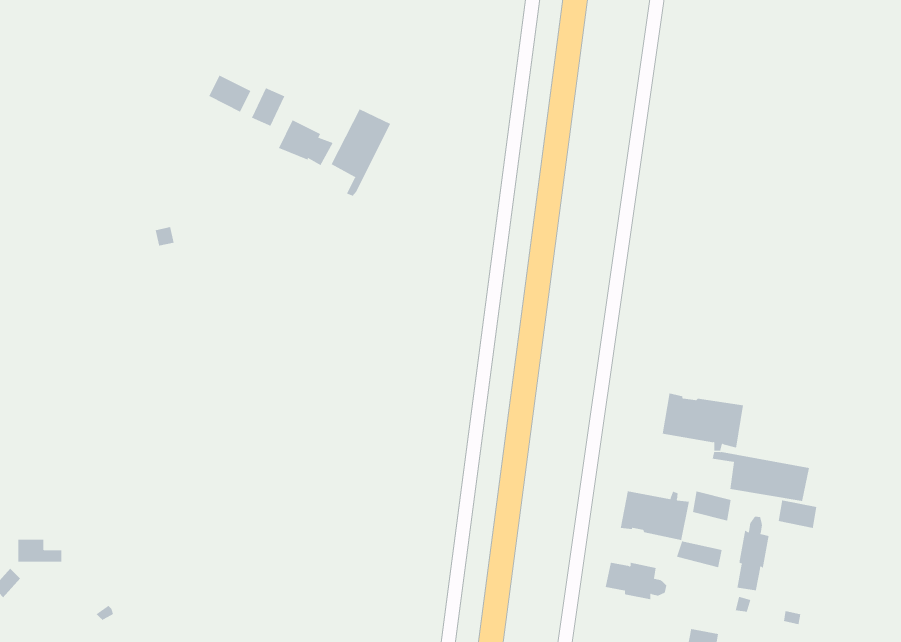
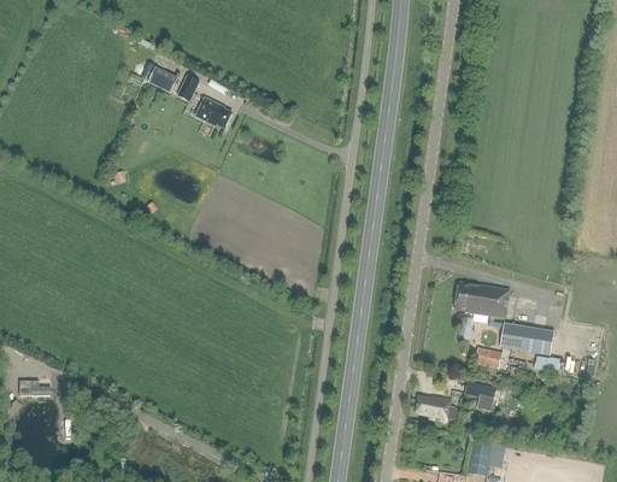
building: [331,109,391,197] -> none
building: [620,490,689,541] -> none
building: [737,516,769,591] -> none

